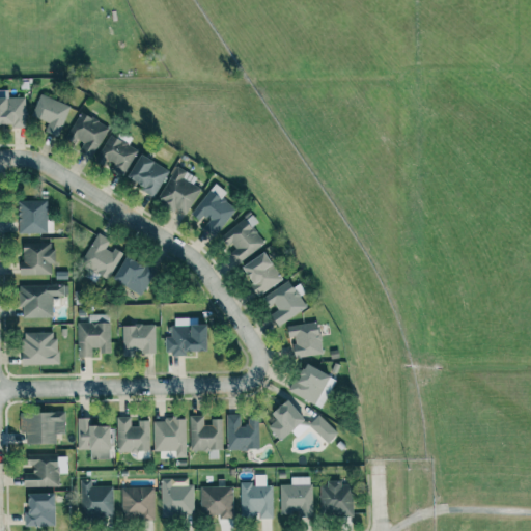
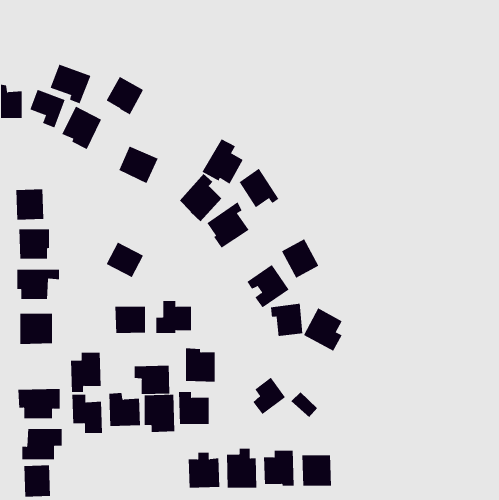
building: none -> [50,64,91,104]
building: [96,134,137,175] -> [106,76,144,115]
building: [157,166,201,215] -> [202,138,244,184]
building: none -> [239,168,279,208]
building: [81,232,120,278] -> none
building: [242,252,282,295] -> [281,238,319,279]
building: [78,314,111,357] -> [70,352,101,392]
building: [289,362,331,409] -> [303,308,342,352]
building: none -> [134,365,170,395]
building: [227,414,259,450] -> [185,348,216,382]
building: [161,478,194,515] -> none
building: [81,480,113,516] -> none
building: [121,486,155,521] -> none

